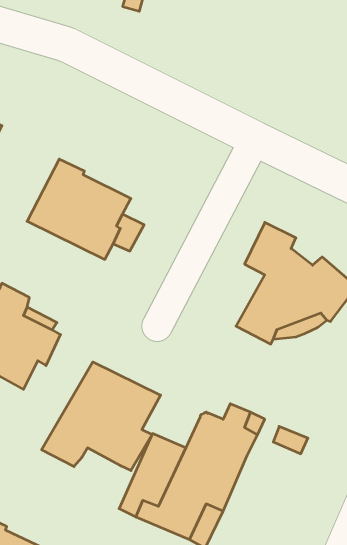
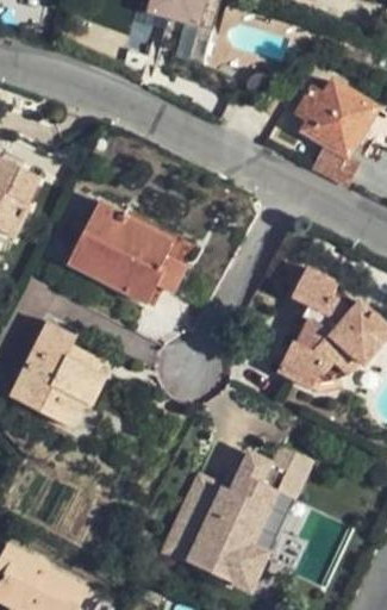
building: none -> [305,76,381,182]
building: [42,362,161,471] -> none

